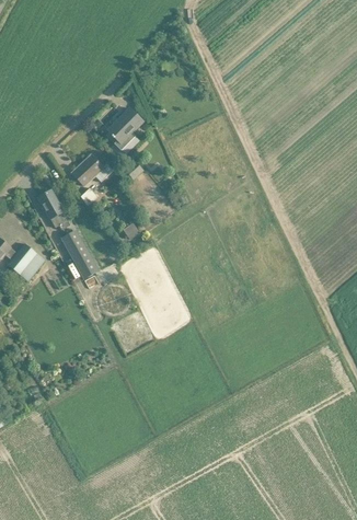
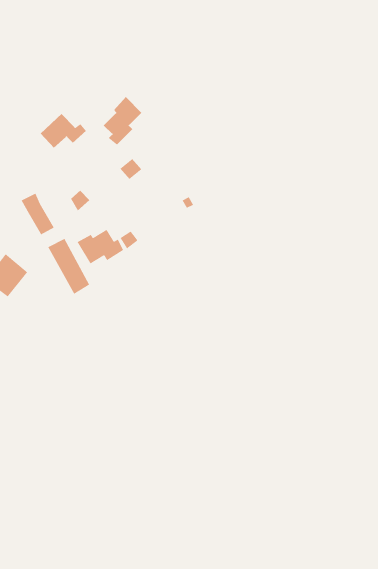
building: [71,154,112,185] -> [40,113,87,149]
building: none -> [77,229,124,265]

